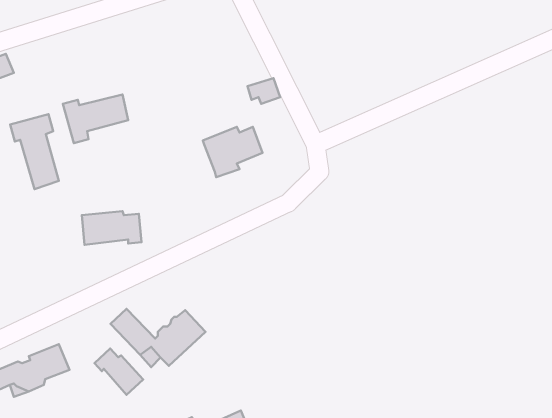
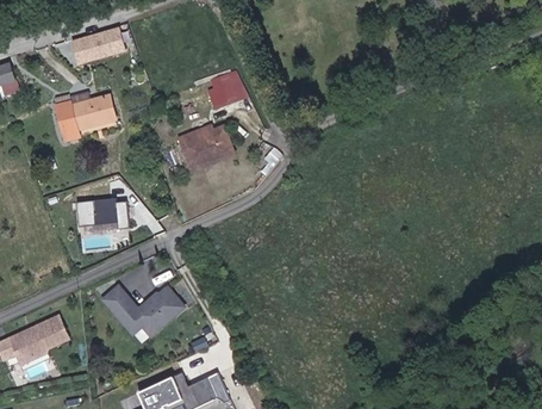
building: none -> [69,26,125,66]
building: [10,114,59,189] -> none
building: [94,348,143,395] -> none

